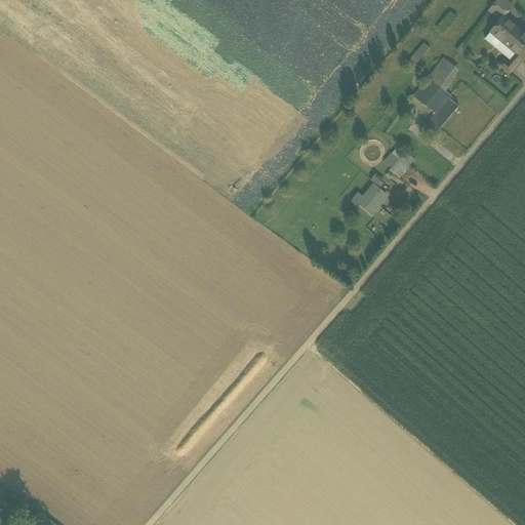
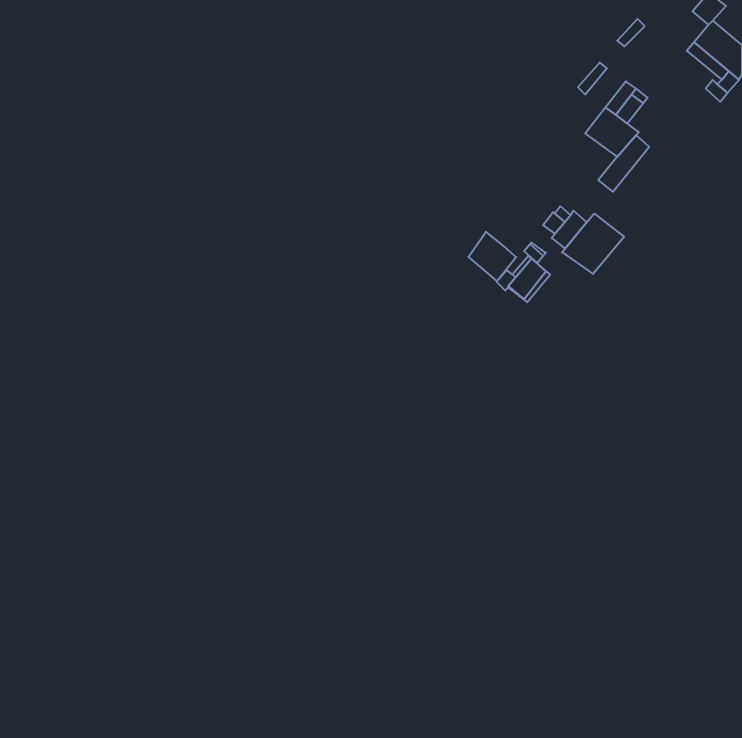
building: none -> [562,214,624,274]
building: none -> [468,232,516,281]

